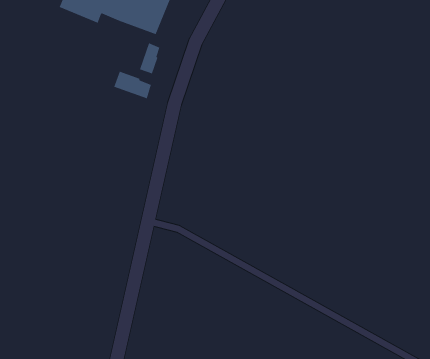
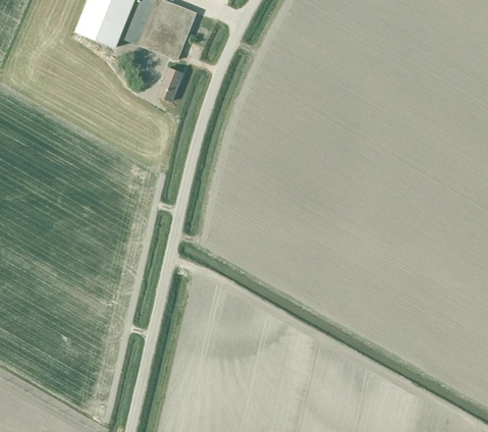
building: [114,71,151,99] -> none

